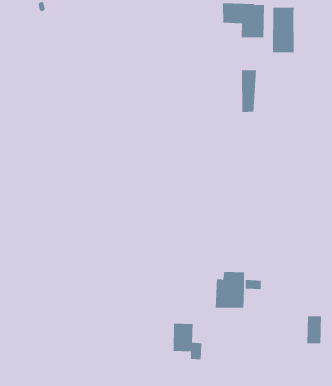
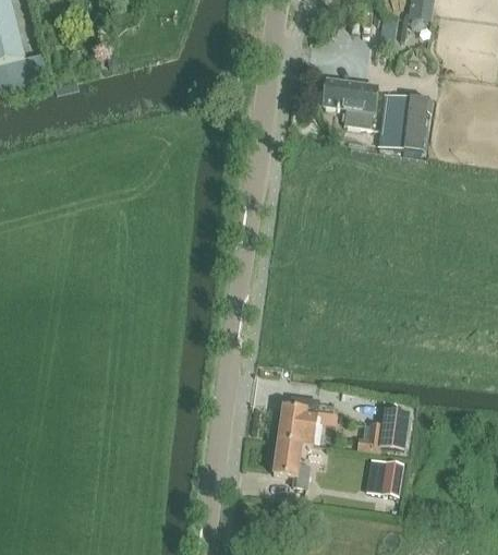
building: [241,70,257,112] -> [404,98,428,149]
building: none -> [378,409,409,450]
building: [173,323,202,360] -> [272,438,308,485]

